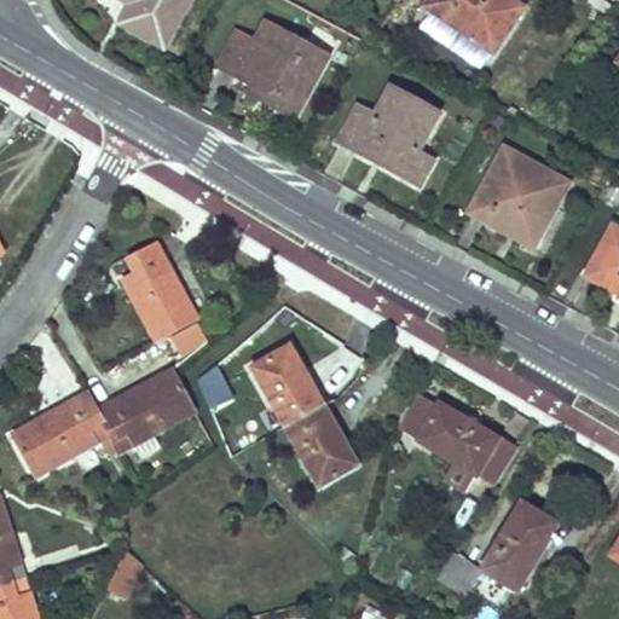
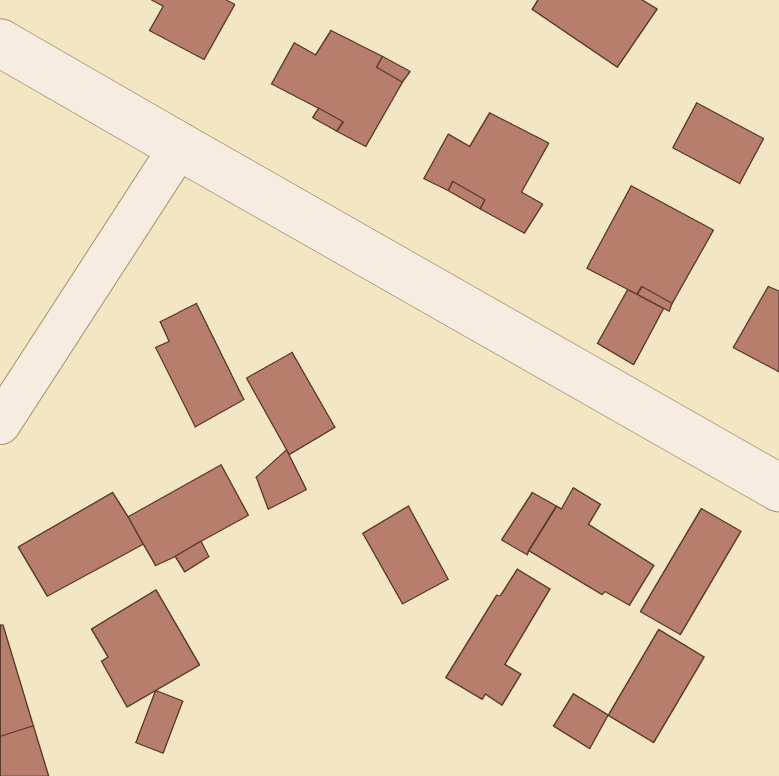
building: none -> [673,103,763,184]
building: none -> [597,289,664,365]
building: [254,342,324,423] -> [247,352,335,454]
building: none -> [641,509,741,635]
building: none -> [446,569,550,705]
building: none -> [92,590,199,707]

